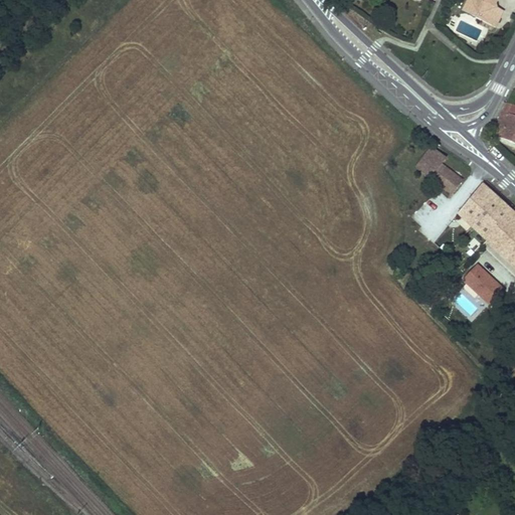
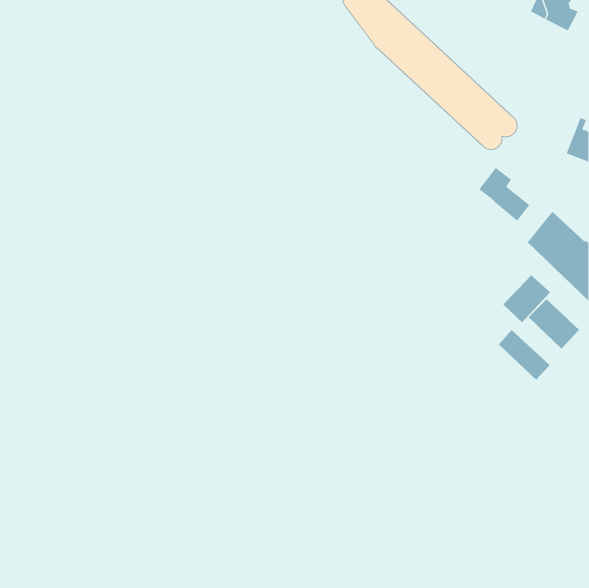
building: none -> [503,275,551,323]
building: none -> [498,329,551,380]

